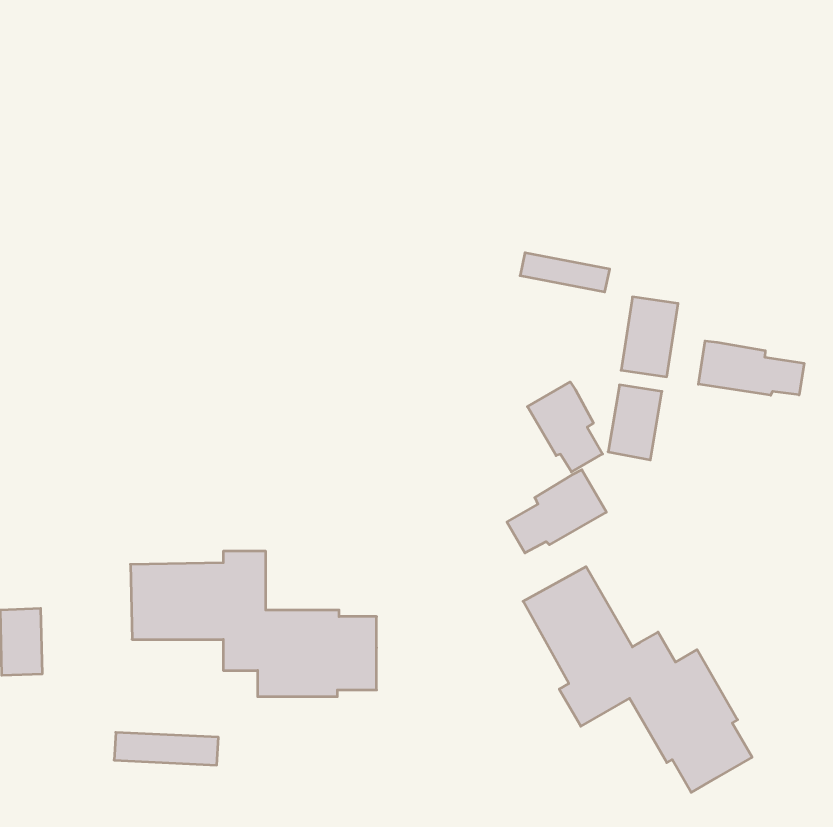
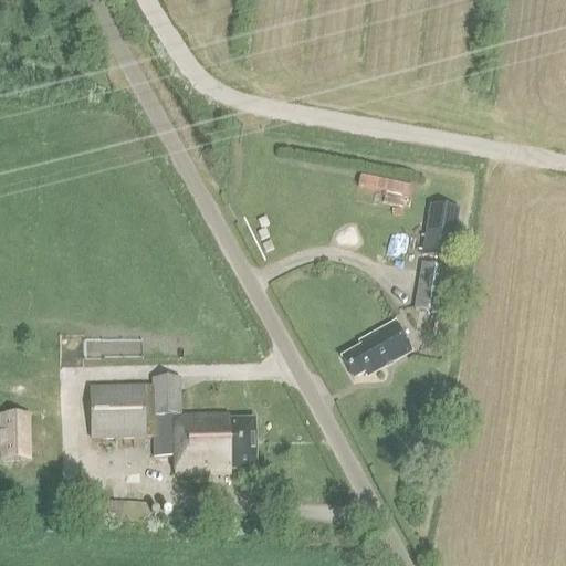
building: [698,341,804,395] -> none
building: [527,382,603,472] -> none
building: [523,567,752,792] -> none

